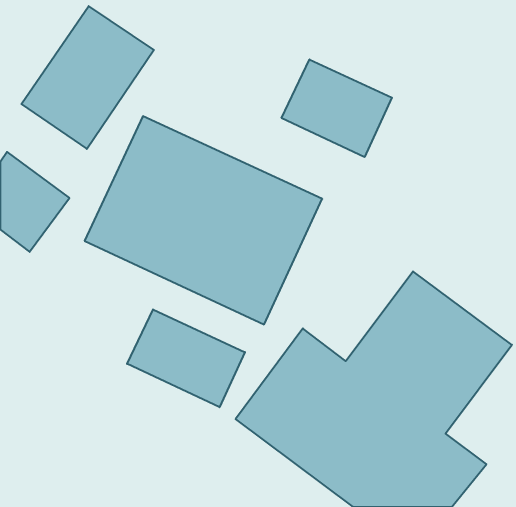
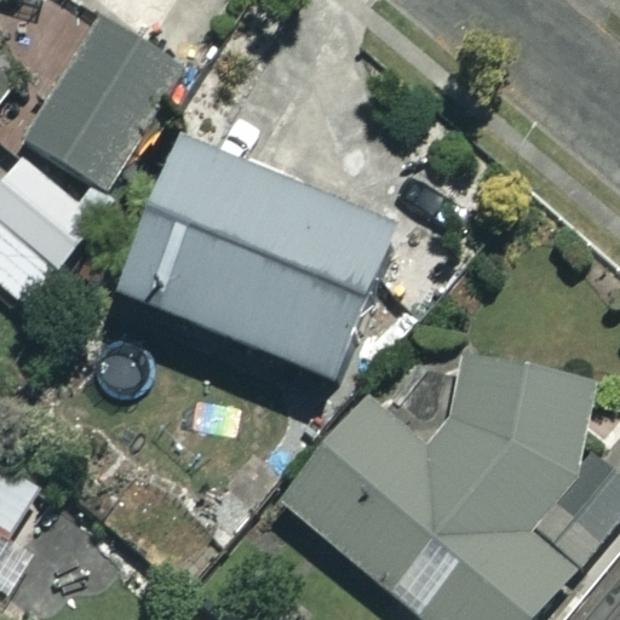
building: [282,59,392,157] -> none
building: [127,309,245,407] -> none

